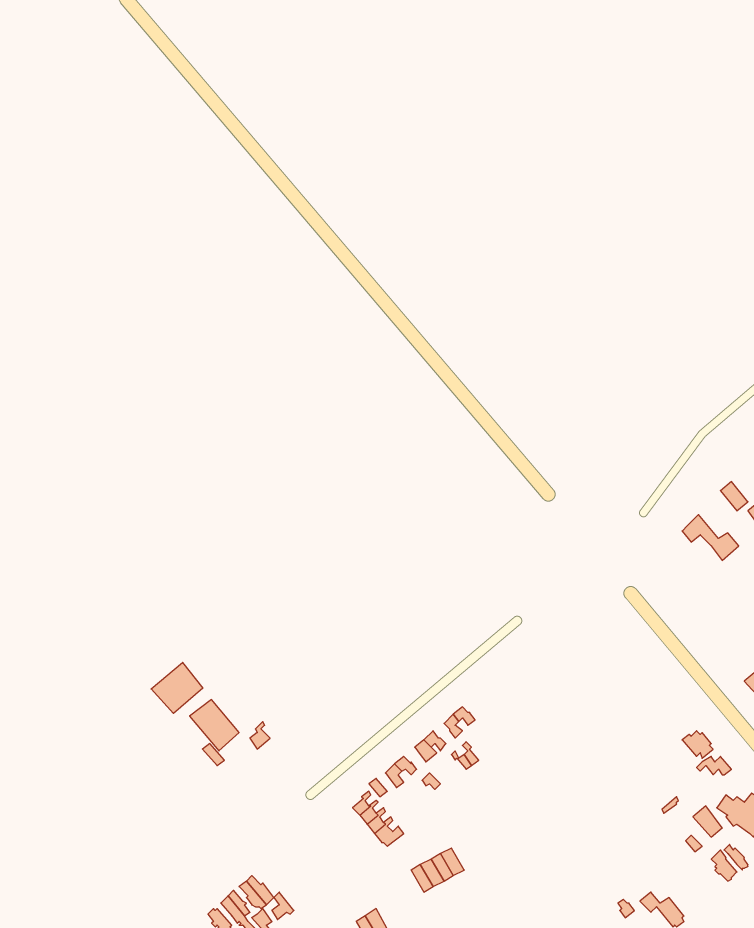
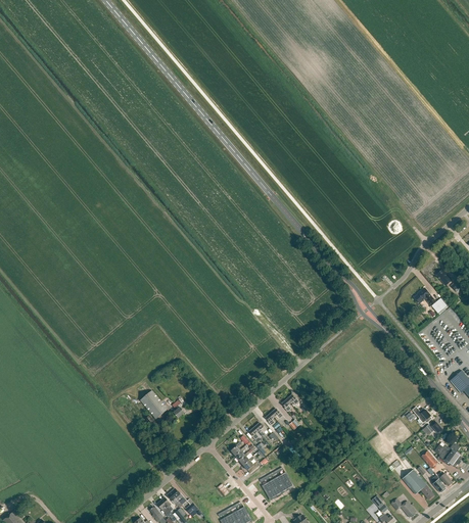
building: [151,662,203,713] -> none
building: none -> [403,470,434,500]

